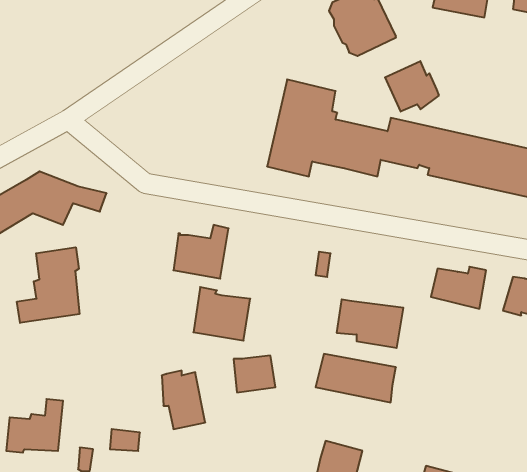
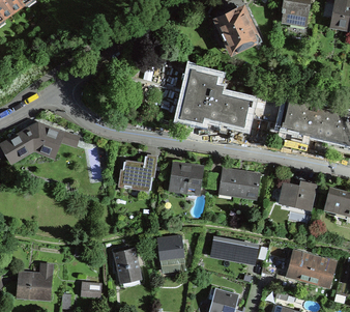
building: [385,61,439,112] -> none
building: [17,247,79,323] -> none
building: [193,287,250,341] -> [168,161,203,194]
building: [337,299,403,348] -> [218,169,260,199]
building: none -> [289,254,334,284]

